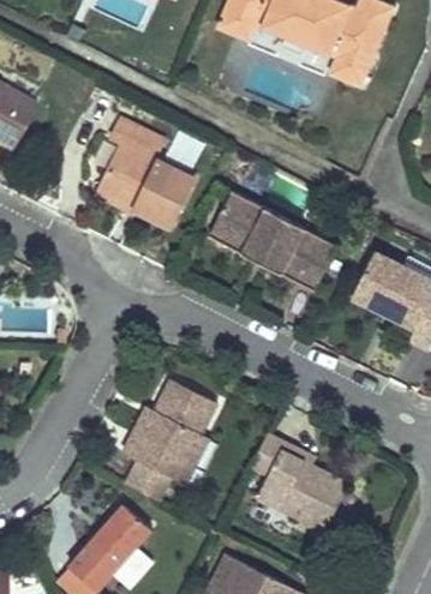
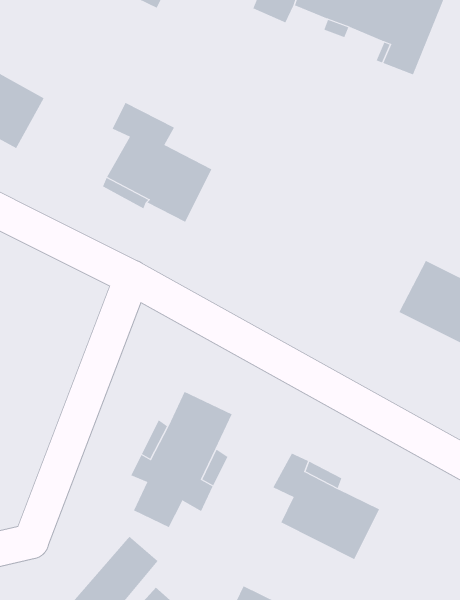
building: [205,190,337,289] -> none

